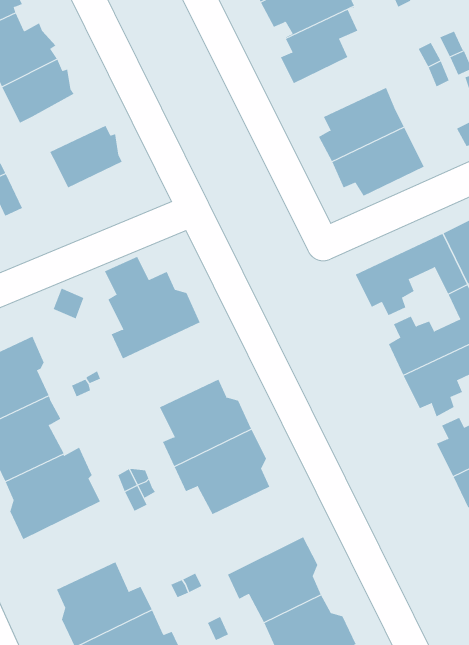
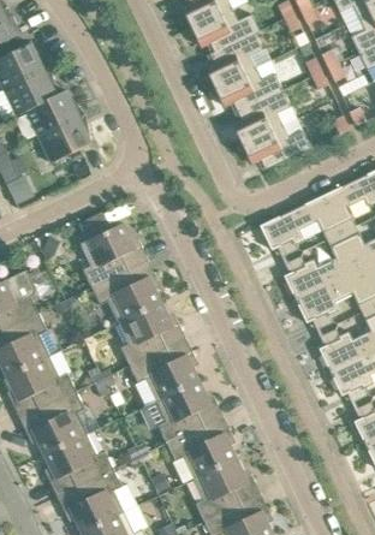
building: none -> [215,69,282,112]
building: none -> [26,90,79,137]
building: none -> [91,261,161,322]
building: none -> [156,380,222,444]
building: none -> [19,391,87,454]

